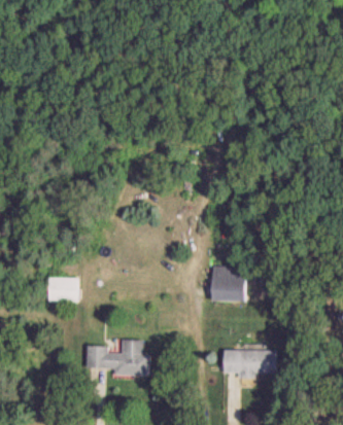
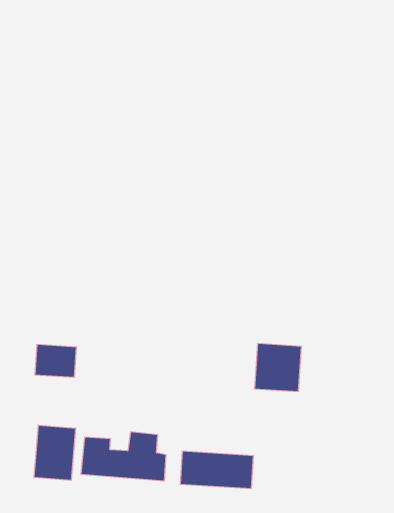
building: none -> [34,425,76,480]
building: [222,350,276,375] -> [180,451,254,489]

